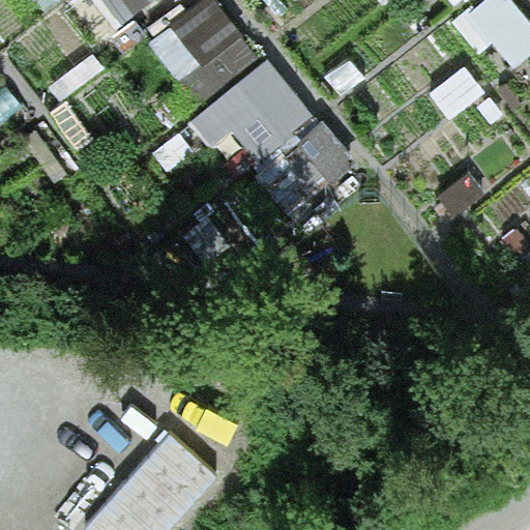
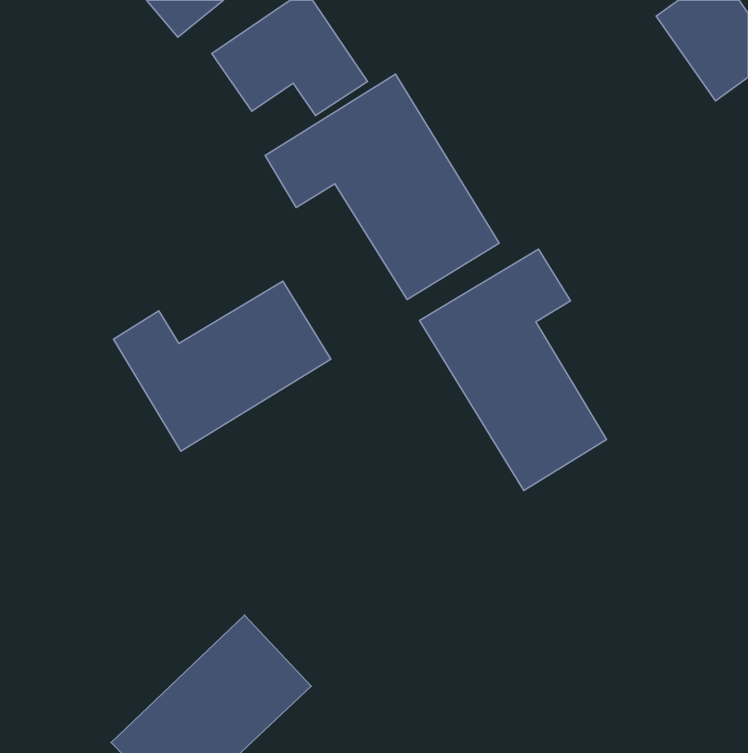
building: none -> [420,249,607,491]
building: none -> [113,281,331,451]

